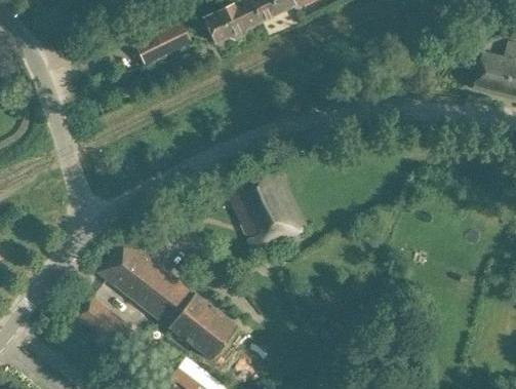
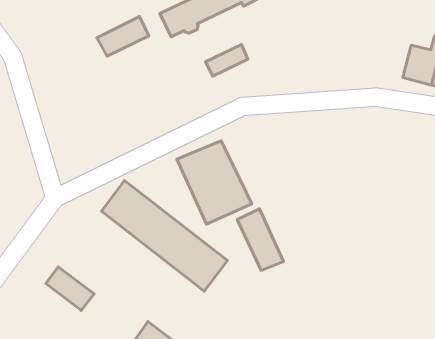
building: none -> [205,44,248,76]
building: none -> [237,209,283,270]
building: [98,239,238,361] -> [101,181,228,291]

